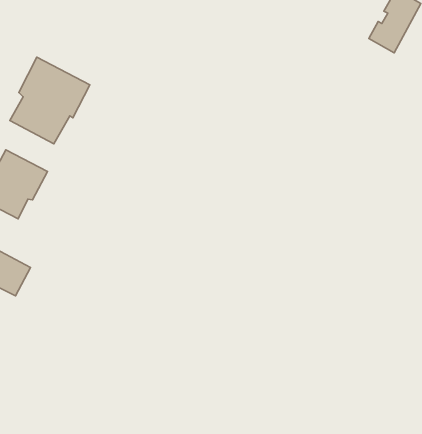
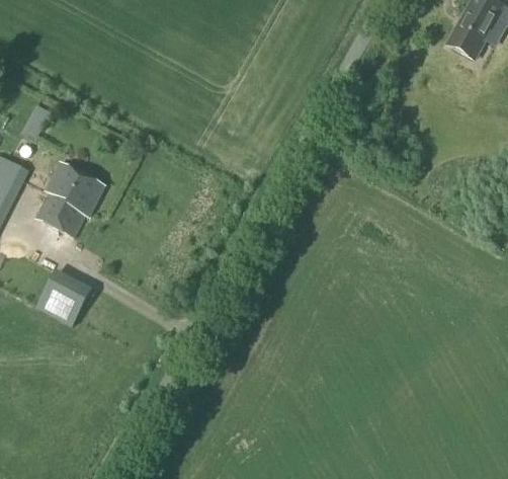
building: [10,57,90,144] -> none

